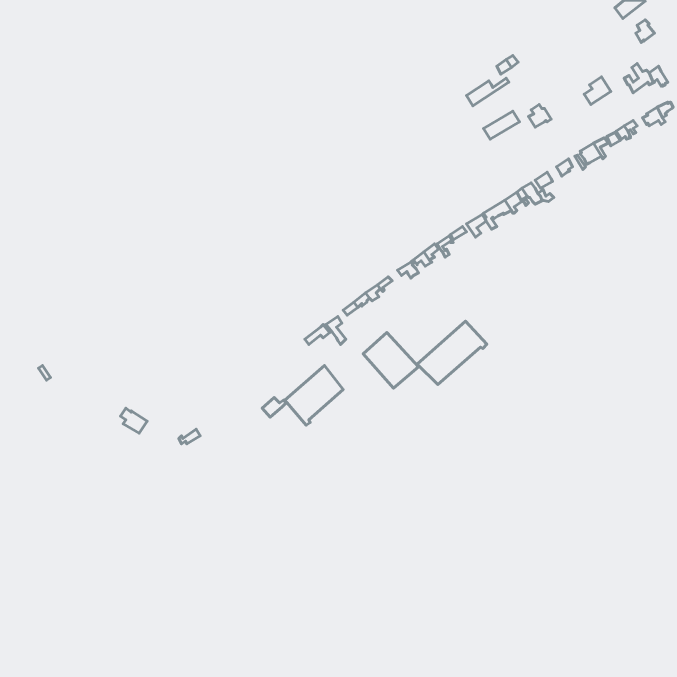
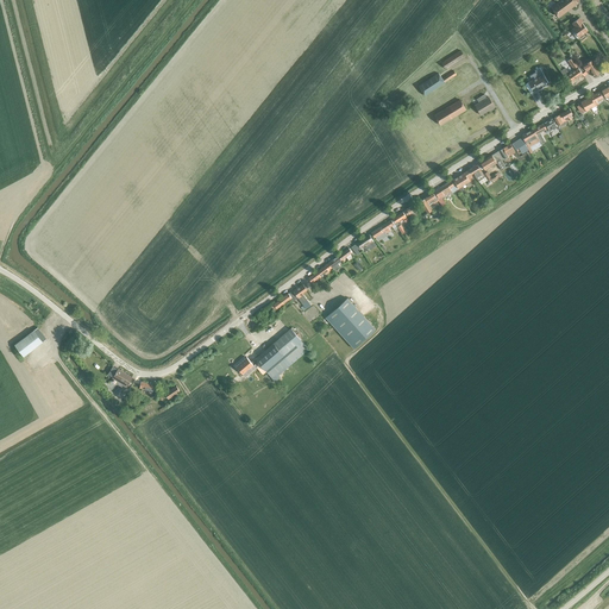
building: [417,321,487,384] -> none

